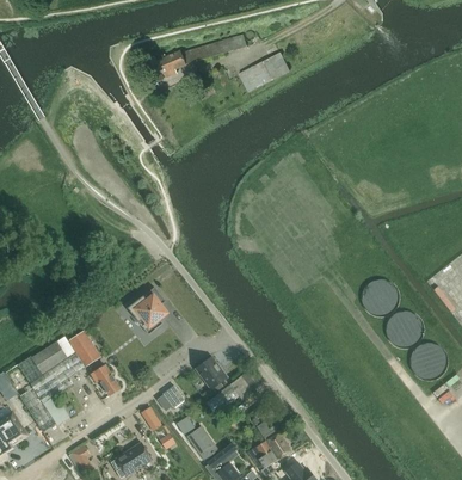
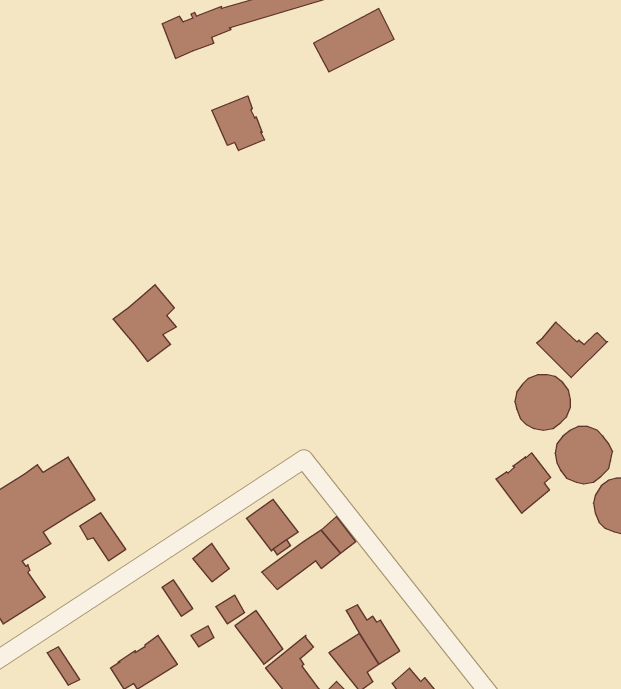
building: none -> [212,96,265,151]
building: none -> [537,322,608,378]
building: [128,287,167,334] -> [113,285,176,361]
building: none -> [496,453,551,513]

